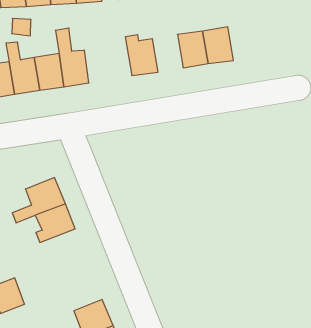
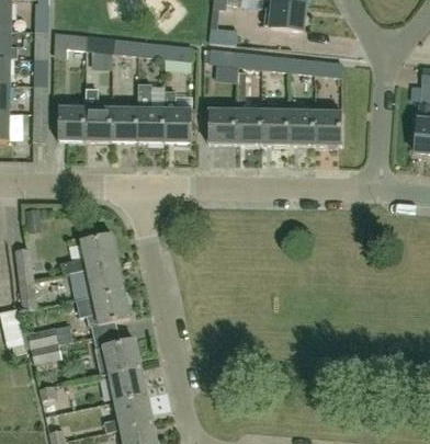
building: none -> [315,110,342,145]
building: none -> [163,90,191,143]
building: none -> [236,109,262,144]
building: none -> [76,289,129,326]
building: none -> [93,339,139,376]

